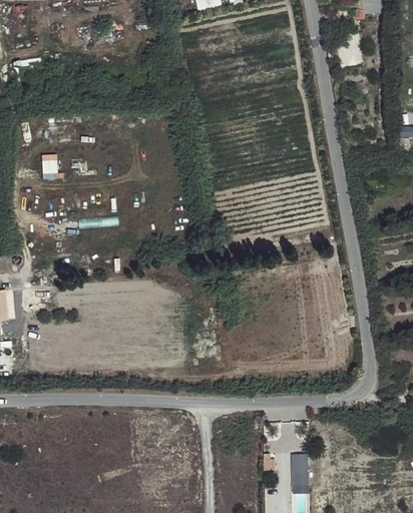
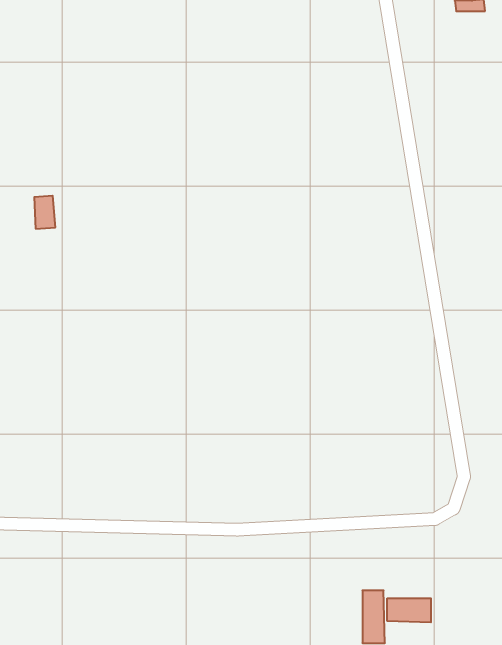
building: none -> [387,598,431,622]

